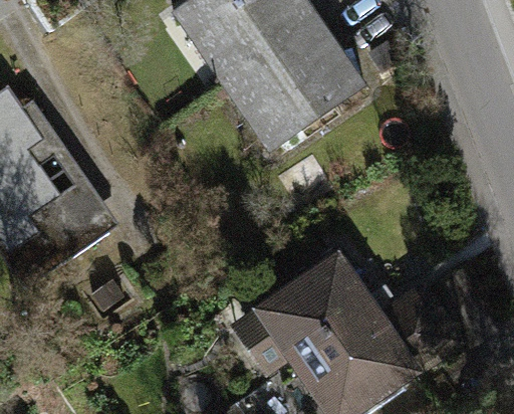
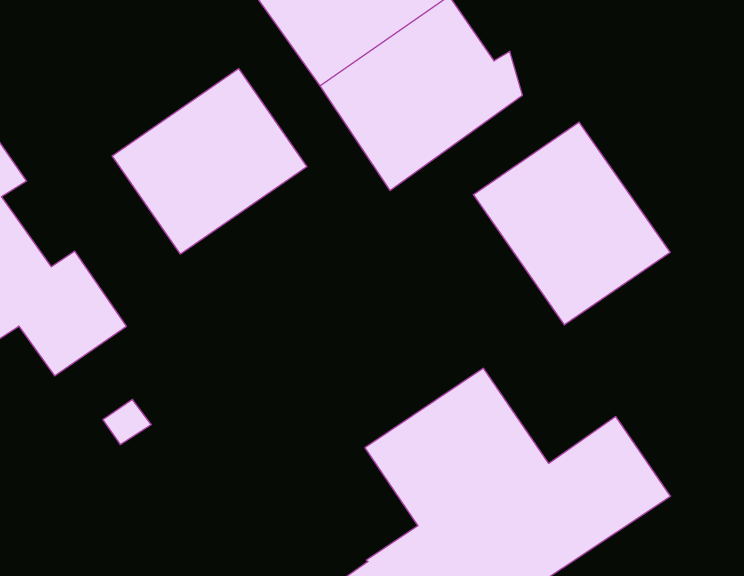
building: none -> [112,69,307,254]
building: none -> [473,122,670,325]

